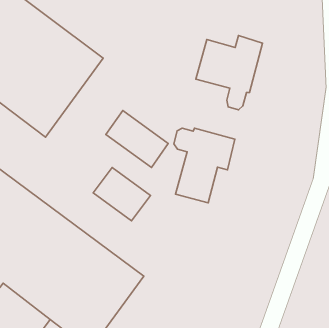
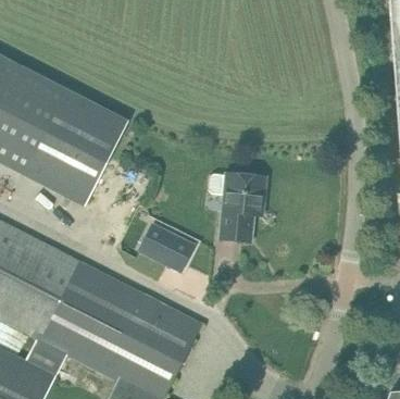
building: [196,36,263,110] -> none
building: [106,110,168,168] -> none

